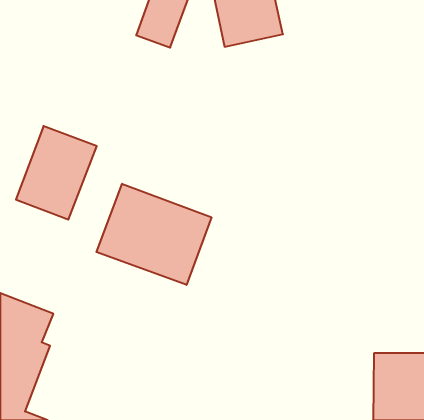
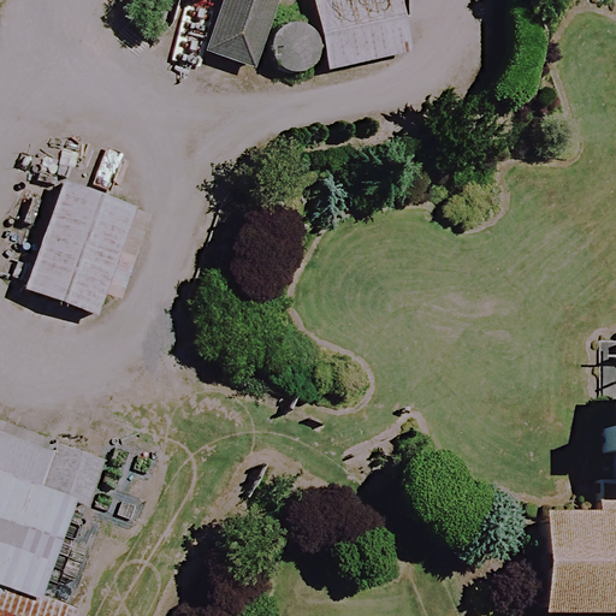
building: [96,184,211,285] -> none

